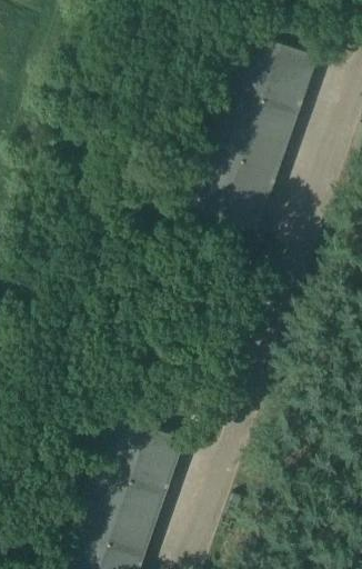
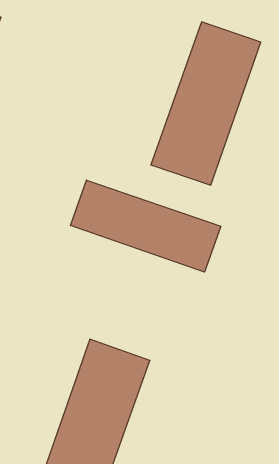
building: none -> [70,180,221,272]

